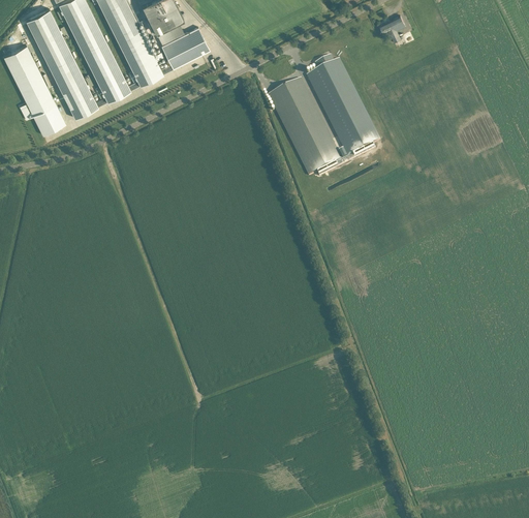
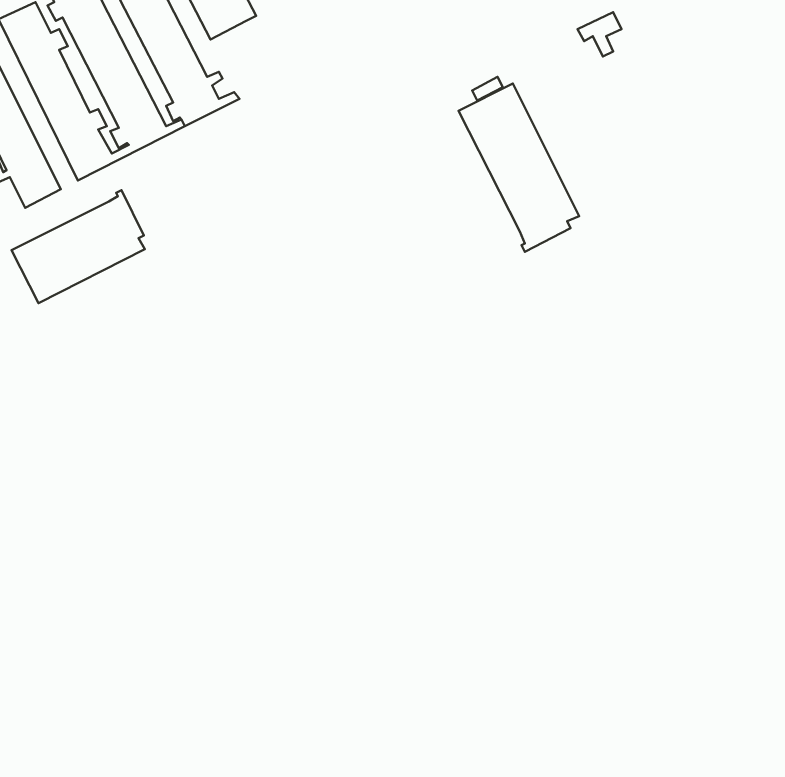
building: [160,28,209,69] -> none
building: [268,80,341,177] -> none
building: none -> [12,190,145,303]

